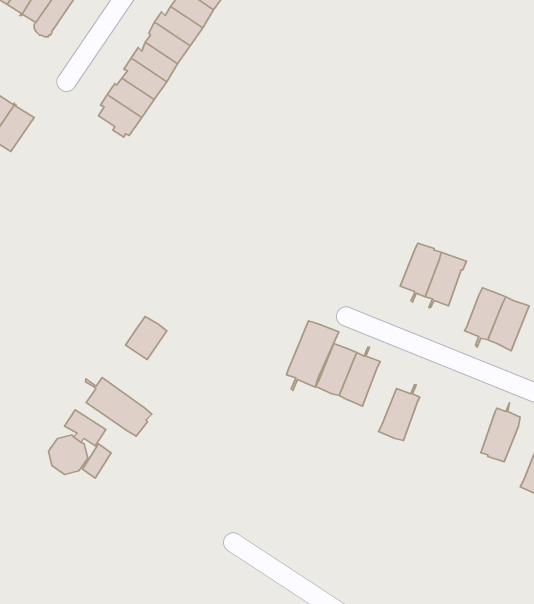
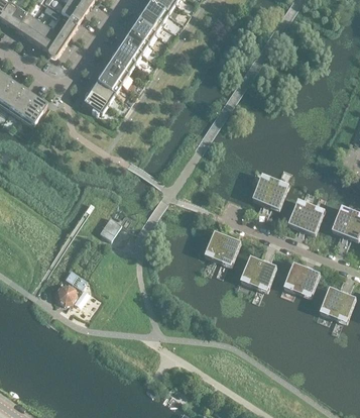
building: [286,321,339,391] -> none
building: [86,377,152,436] -> none
building: none -> [253,258,275,292]
building: none -> [282,260,306,293]

